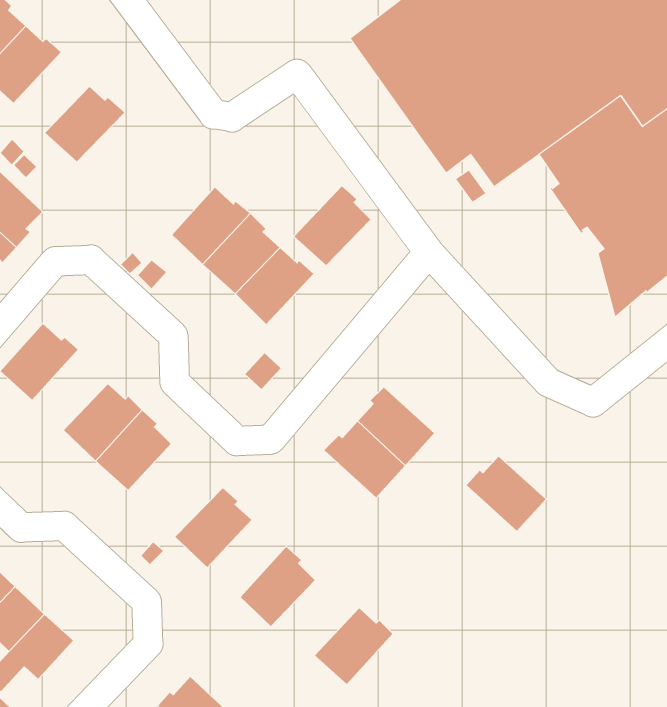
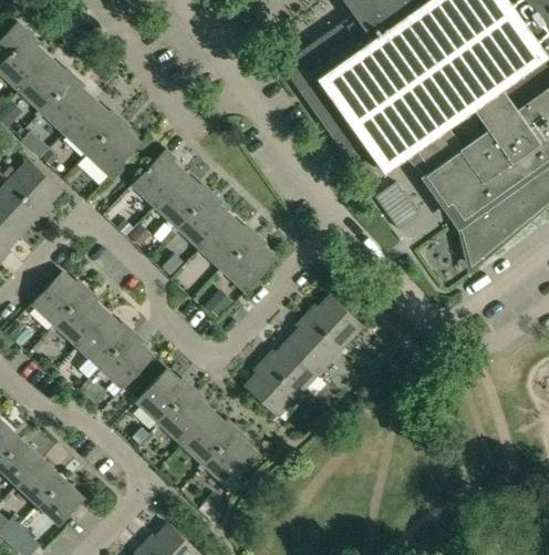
building: none -> [41,75,95,133]
building: none -> [86,119,142,176]
building: none -> [131,147,185,206]
building: [294,185,371,266] -> [221,234,277,291]
building: none -> [54,288,108,346]
building: none -> [244,360,300,418]
building: [466,456,546,532] -> [305,294,363,348]
building: none -> [134,367,190,422]
building: [314,608,393,685] -> [179,410,236,465]

